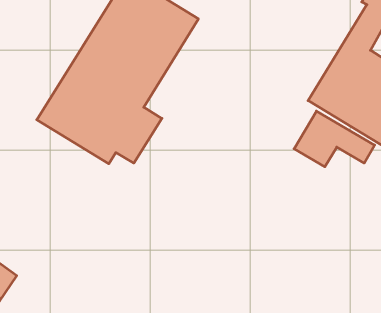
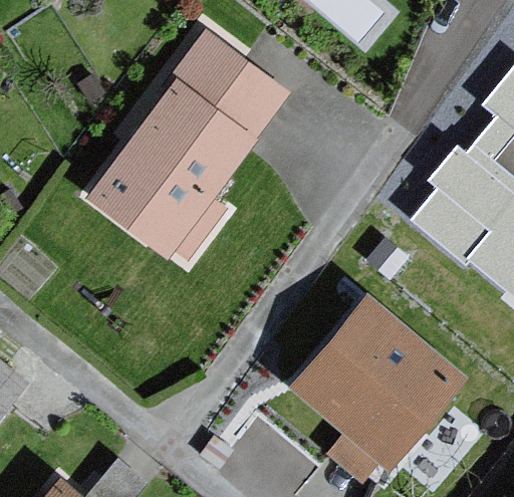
building: none -> [299,298,469,467]

